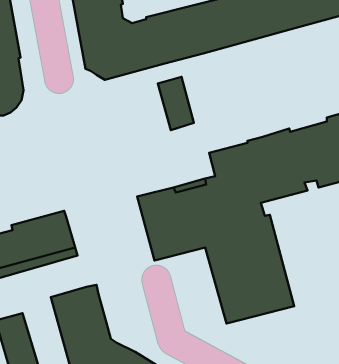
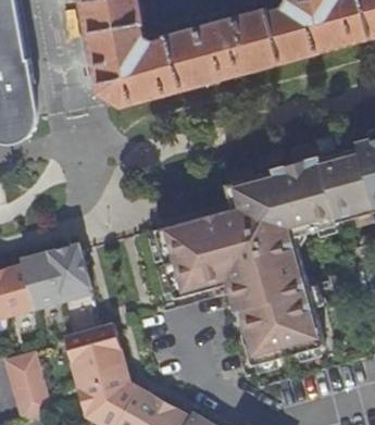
building: [158,77,194,130] -> none

